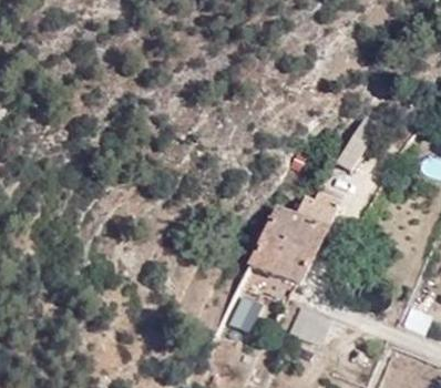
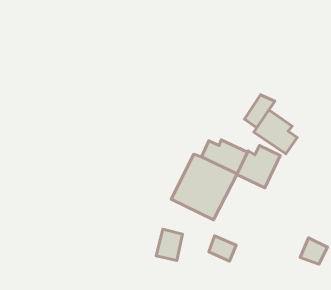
building: none -> [254,110,297,154]
building: none -> [237,146,280,188]

